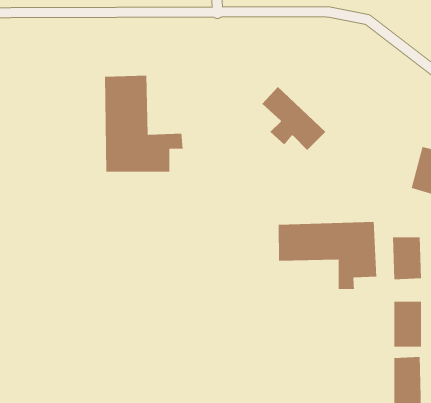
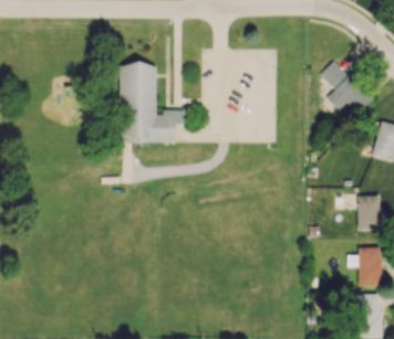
building: [262,86,326,151] -> [321,61,374,114]
building: [278,221,377,290] -> none

